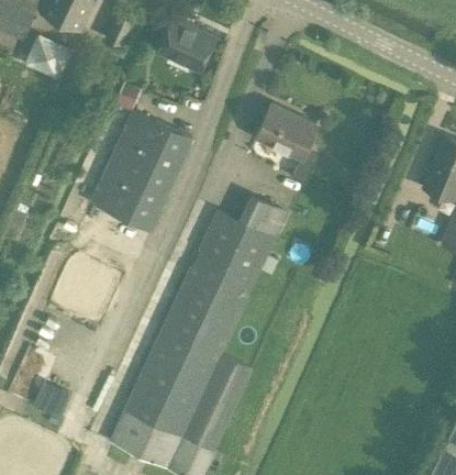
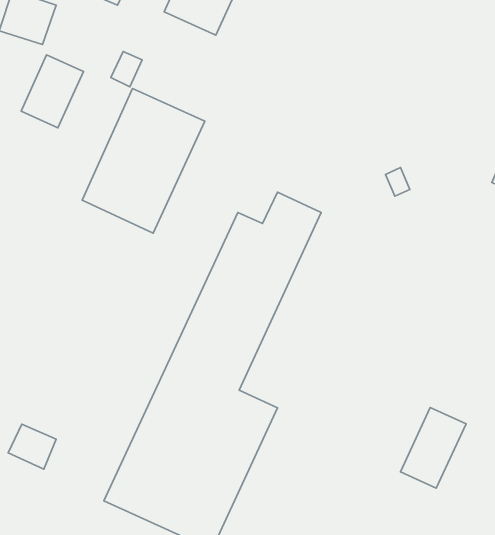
building: none -> [21,55,83,128]
building: [256,104,319,185] -> none
building: none -> [401,407,466,488]

